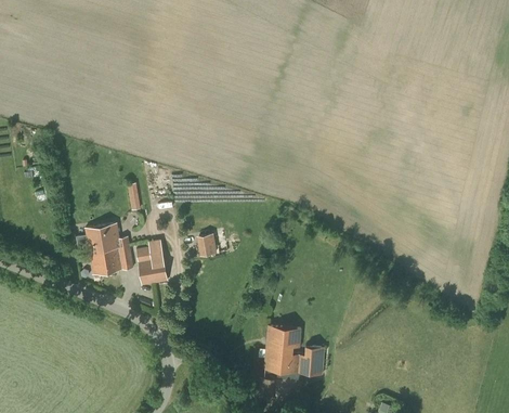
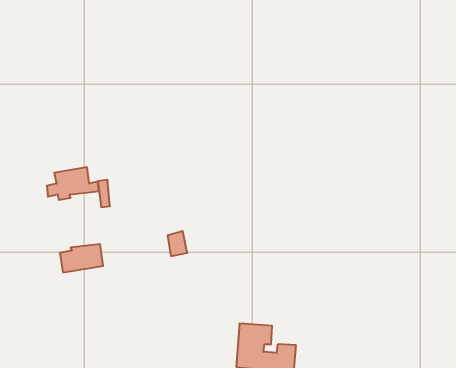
building: [77,223,129,256] -> [47,167,99,200]
building: [135,241,167,286] -> none

